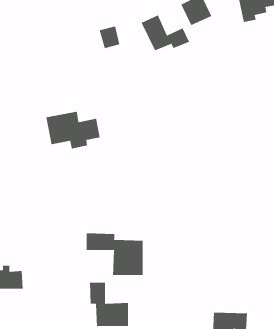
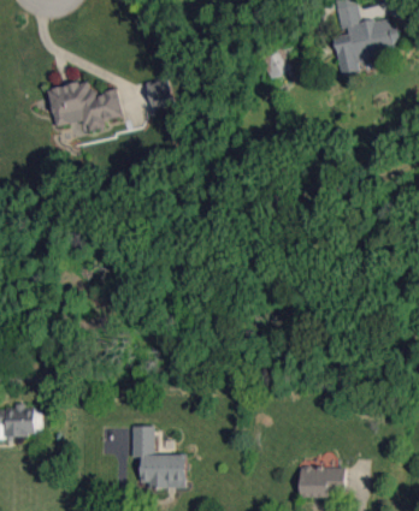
building: [141,14,190,51] -> none
building: [45,111,100,149] -> [47,79,122,131]
building: [86,232,143,276] -> none

